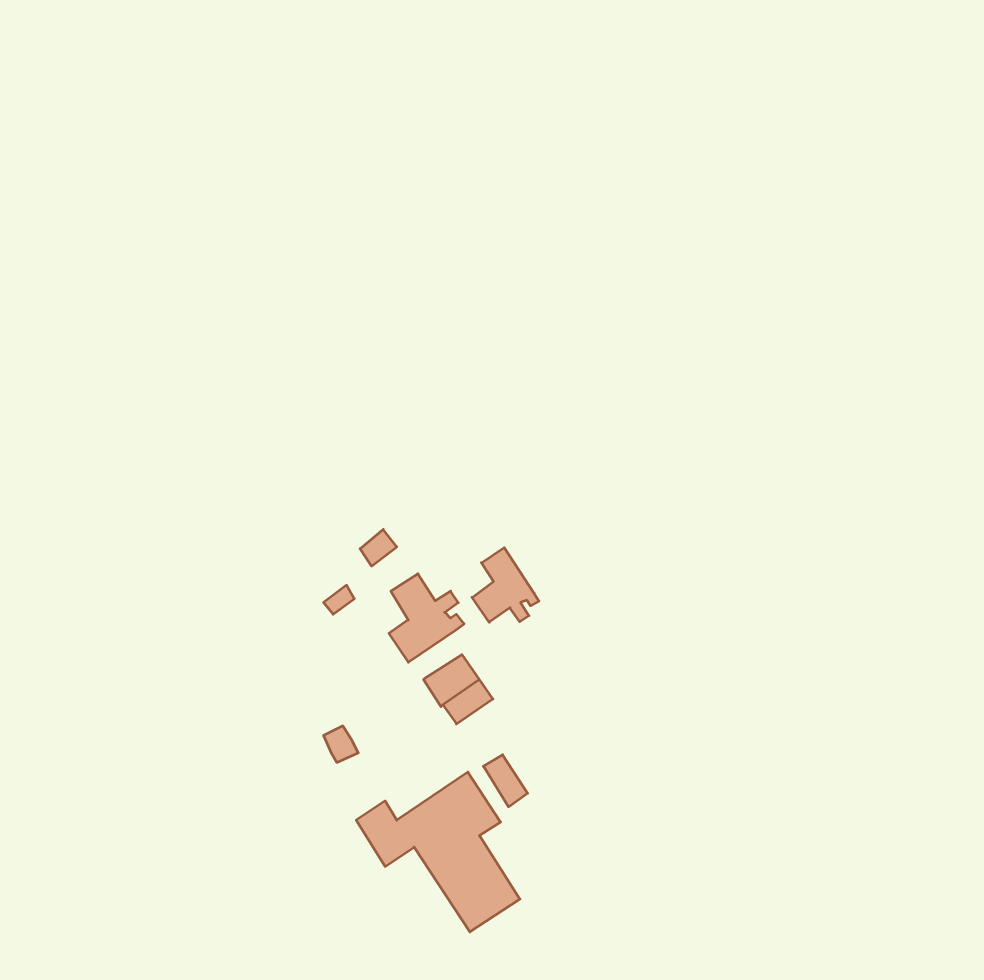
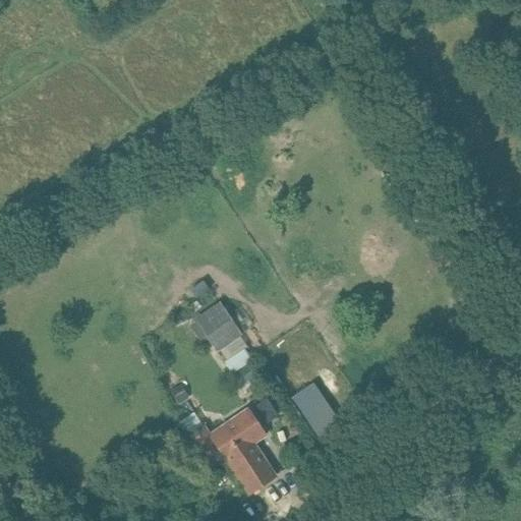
building: [472,548,539,622] -> none
building: none -> [291,381,341,438]

